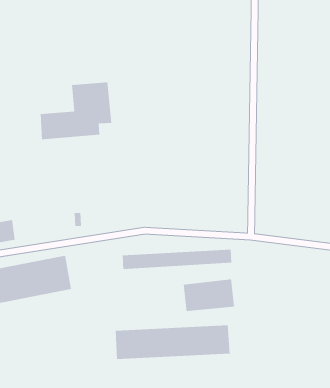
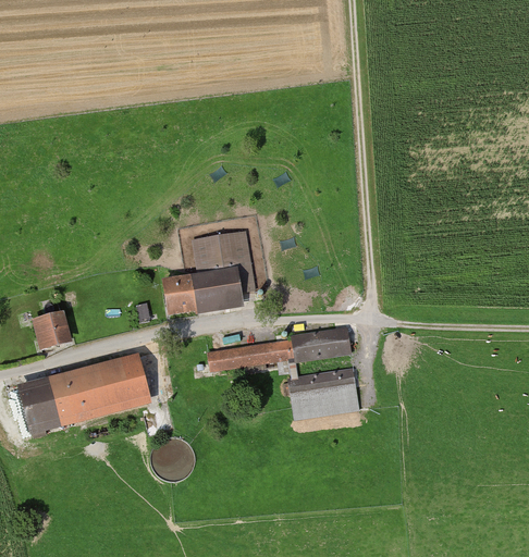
building: [40,82,112,140] -> [160,232,255,313]
building: [115,325,230,360] -> none

